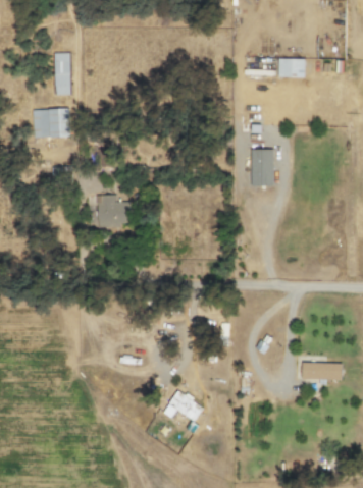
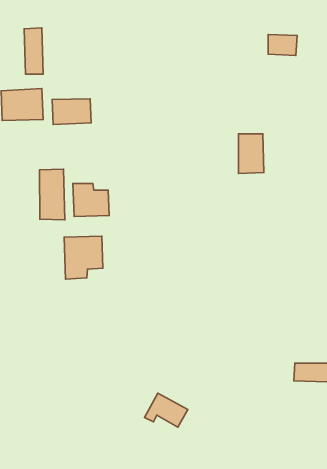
building: none -> [52,99,91,125]
building: none -> [40,169,65,220]
building: none -> [64,236,103,279]

